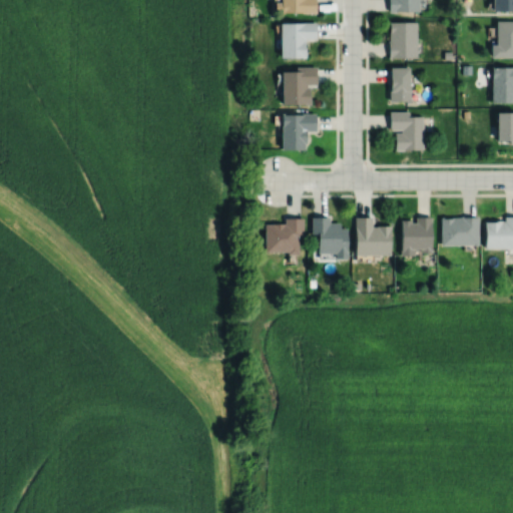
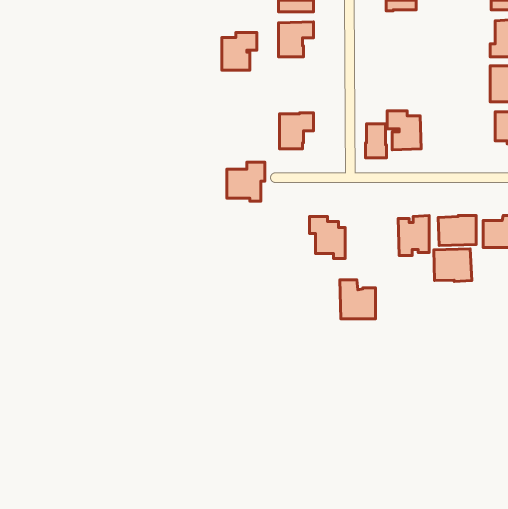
building: [389,22,419,58] -> none
building: [283,67,318,105] -> [222,32,257,70]
building: [391,68,412,102] -> [366,124,387,158]
building: [266,218,304,258] -> [227,162,265,201]
building: [356,218,392,258] -> [340,280,376,319]
building: none -> [434,249,472,281]

